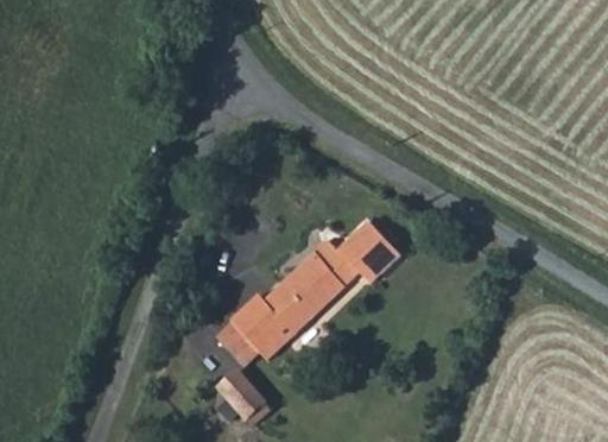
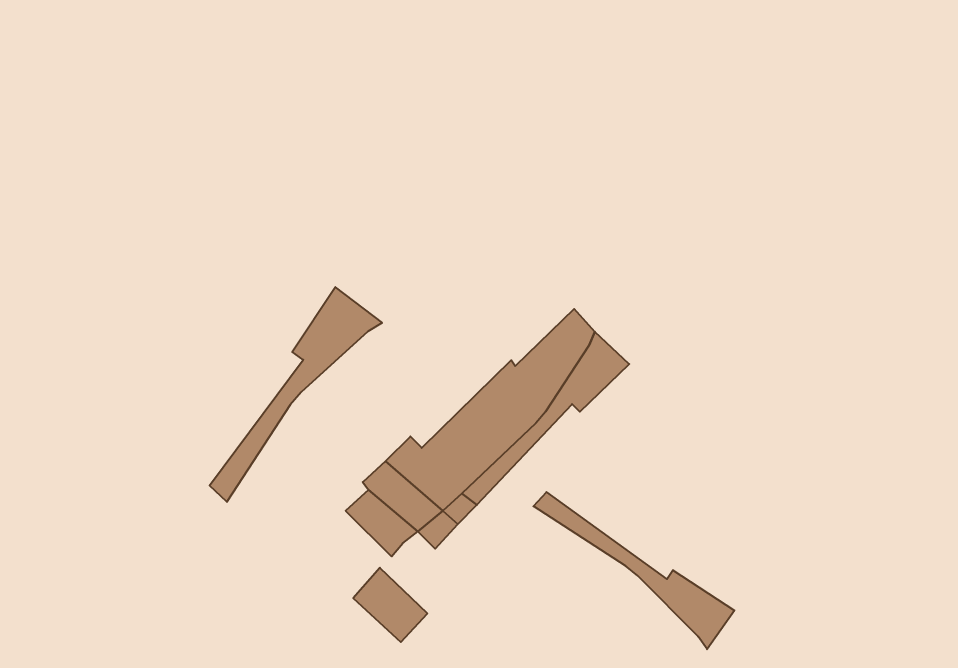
building: none -> [210,287,382,502]
building: none -> [533,492,734,649]

